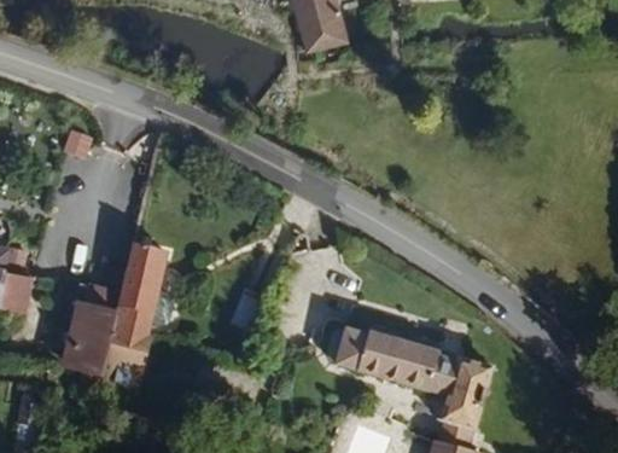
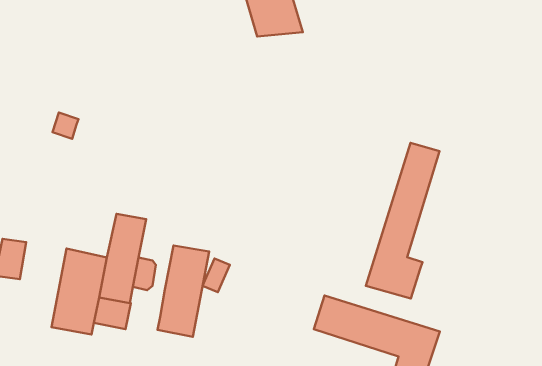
building: none -> [366,143,439,299]
building: none -> [157,246,209,337]

